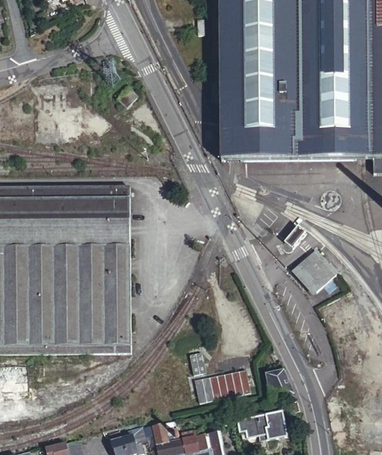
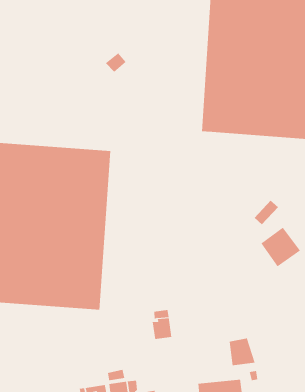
building: [195,369,251,401] -> none

